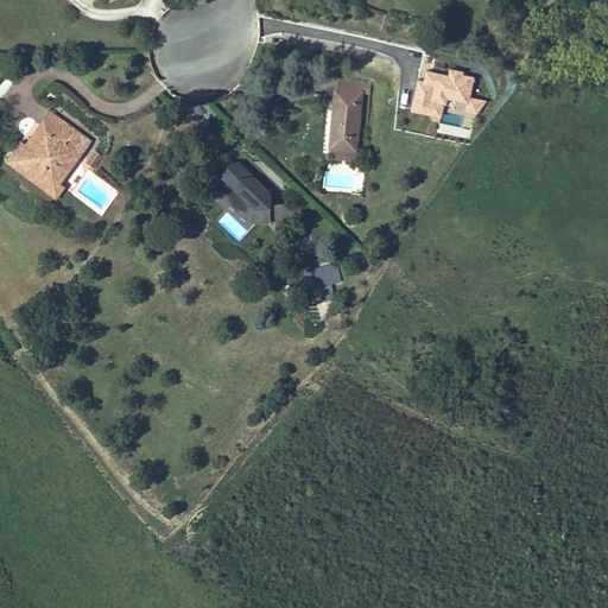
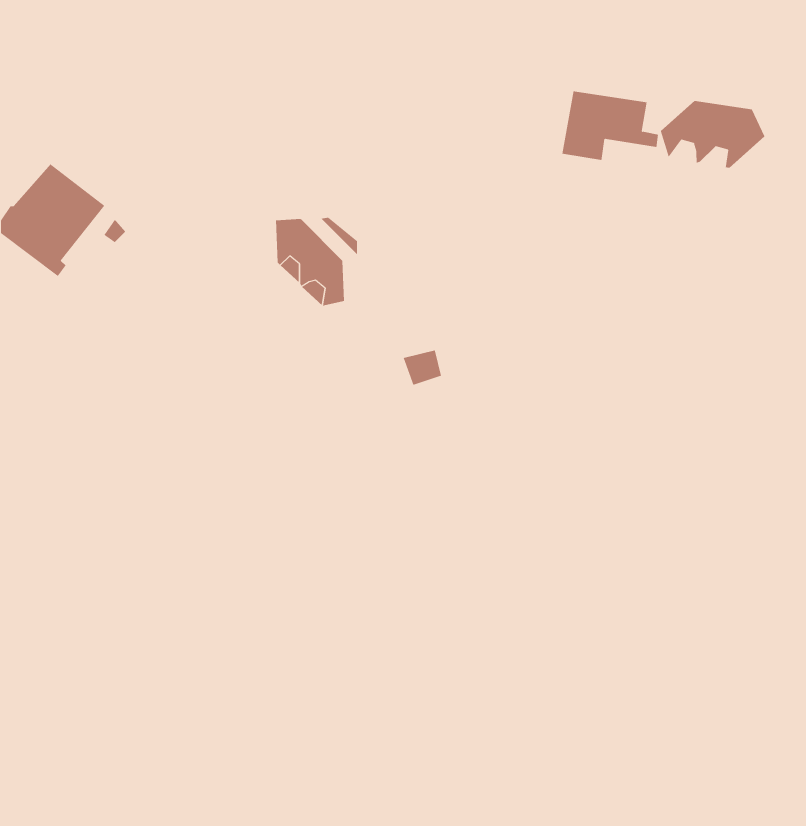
building: none -> [660,100,765,169]
building: [328,90,360,153] -> none

